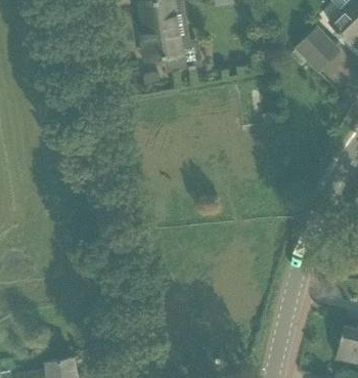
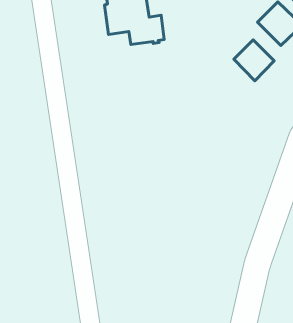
building: none -> [234,40,274,81]

